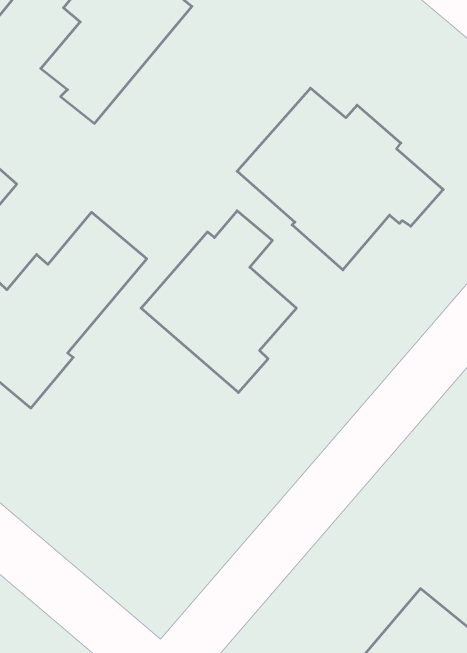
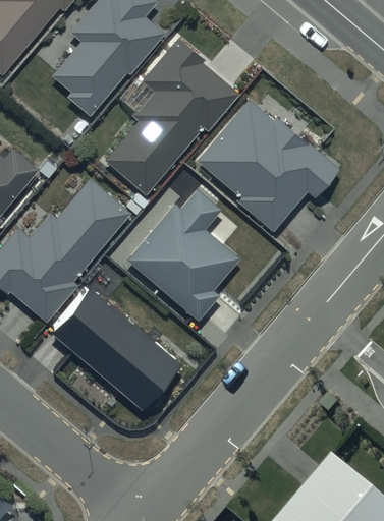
building: none -> [107,40,239,196]
building: none -> [50,290,180,413]

